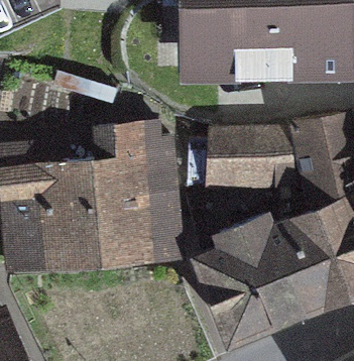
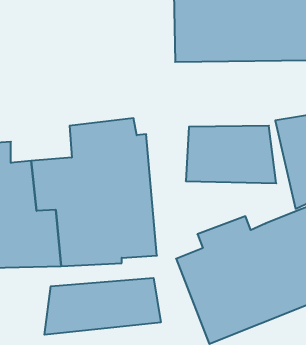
building: none -> [44,278,161,335]

